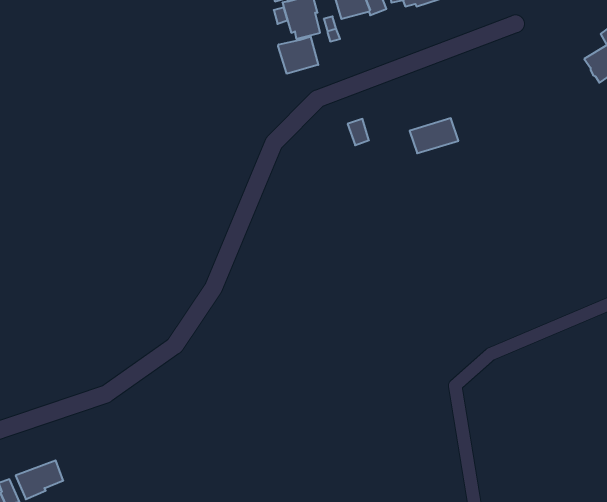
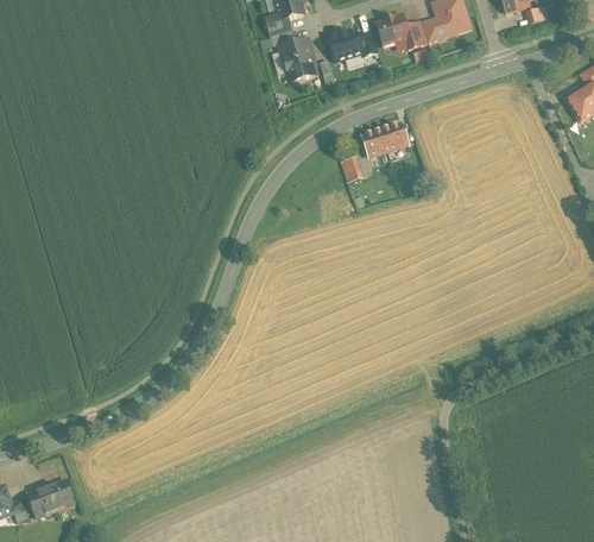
building: [278,37,318,74] -> none
building: [410,118,458,153] -> [362,122,409,156]

